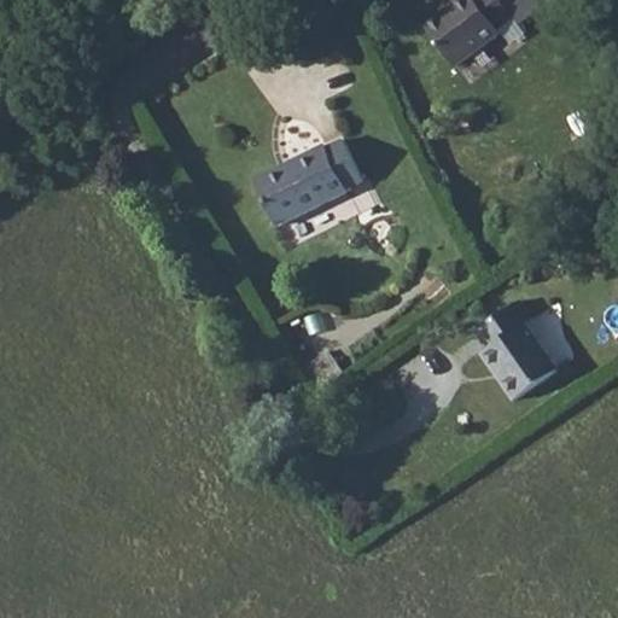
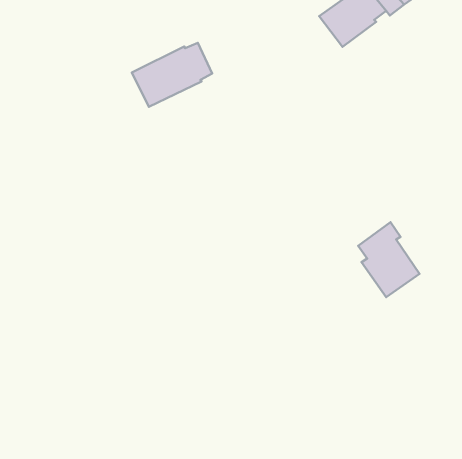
building: [257,136,365,222] -> [132,43,212,107]

